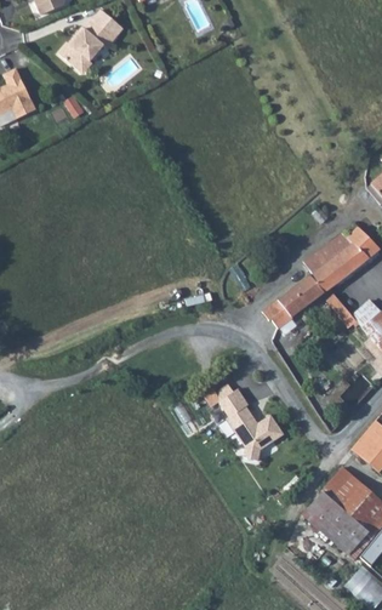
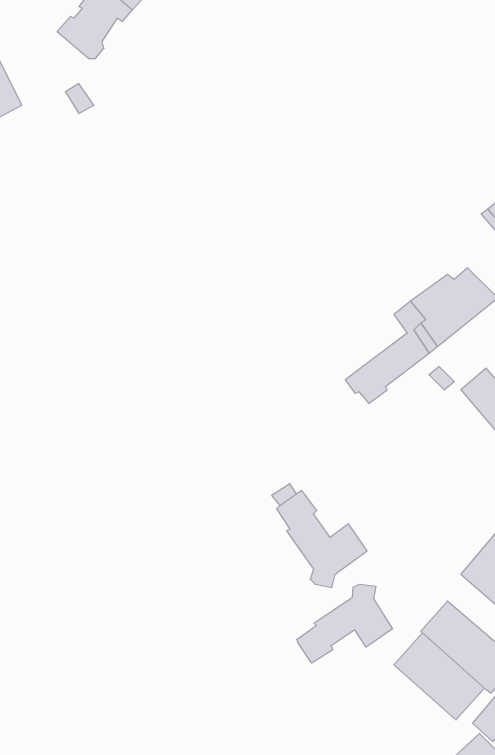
building: none -> [297,584,393,663]

